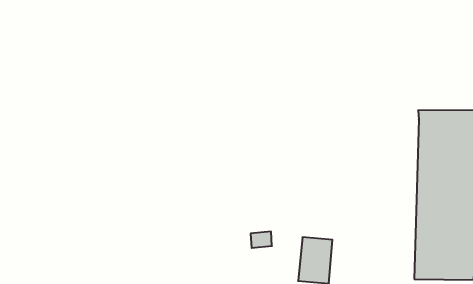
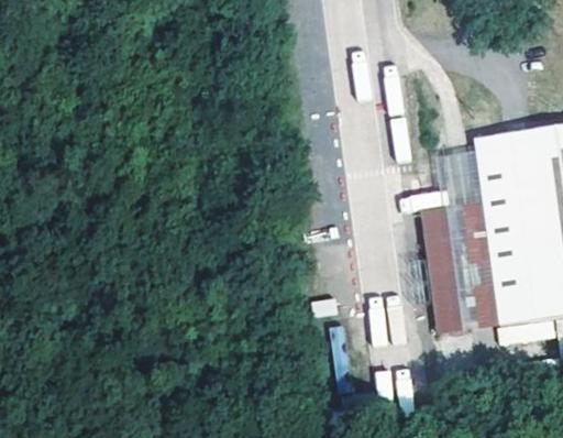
building: none -> [429,150,497,332]

